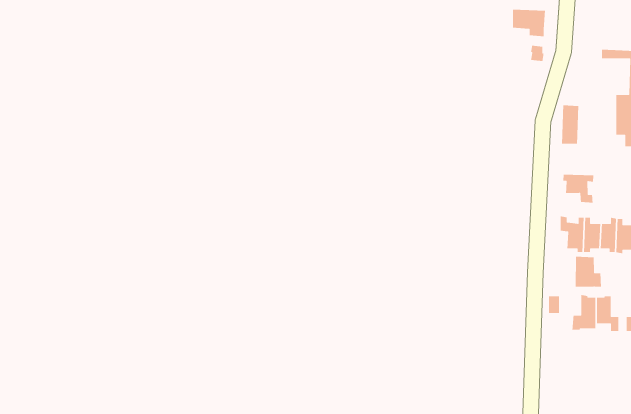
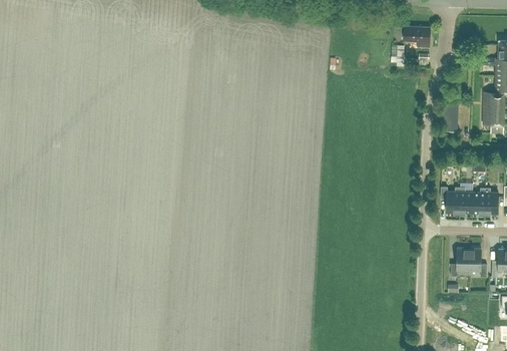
building: [563,174,594,204] -> none
building: [575,256,602,287] -> none

